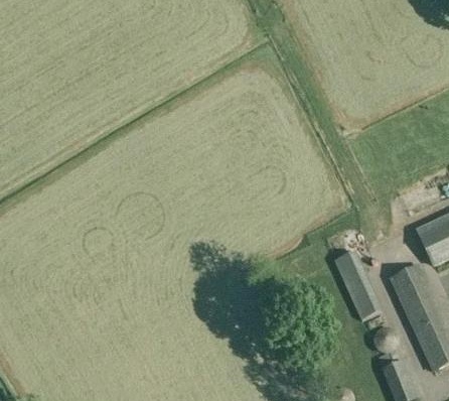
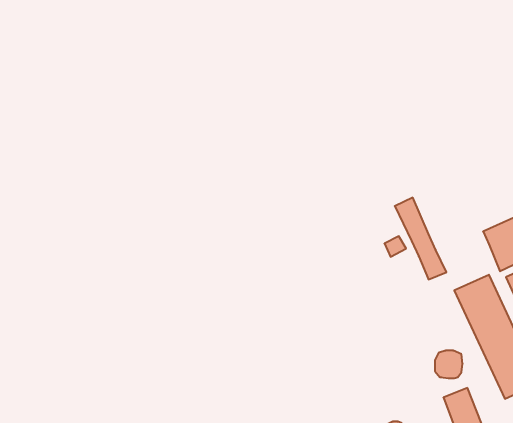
building: [335,253,379,321] -> [395,198,446,279]

